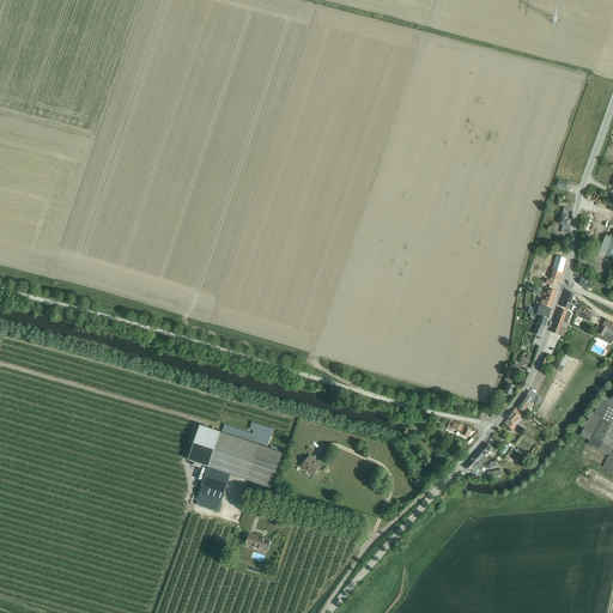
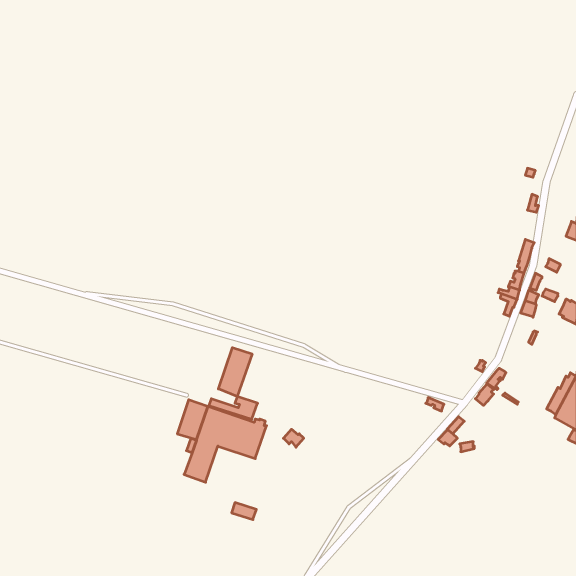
building: none -> [218,348,252,396]

